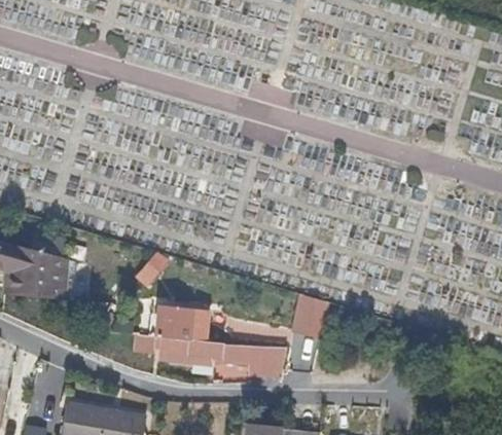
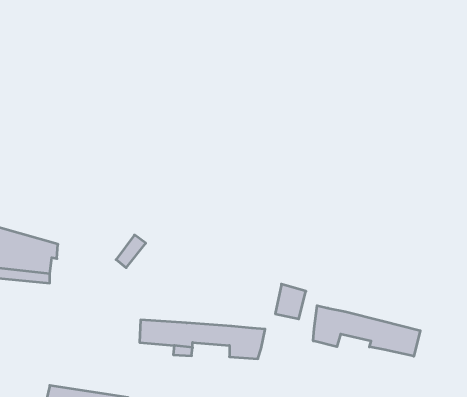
building: [155,309,208,340] -> none
building: none -> [313,306,420,356]

